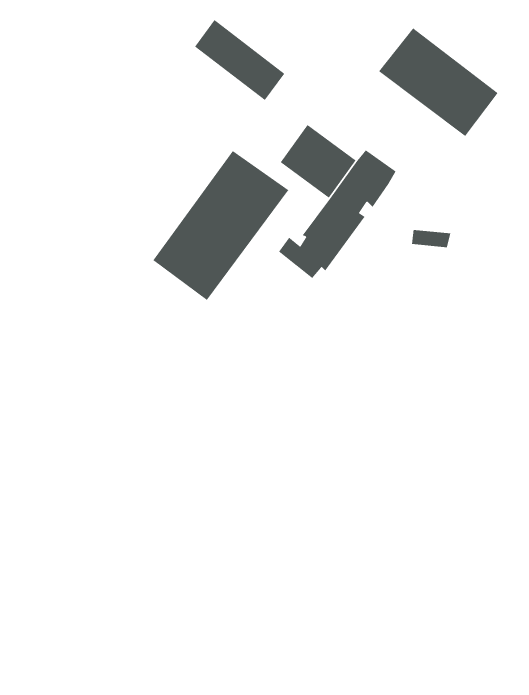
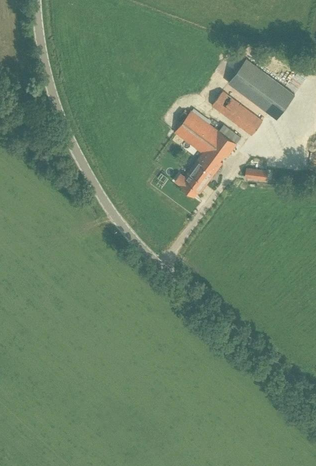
building: [194,19,285,101] -> [212,91,262,136]
building: [153,150,289,301] -> none

